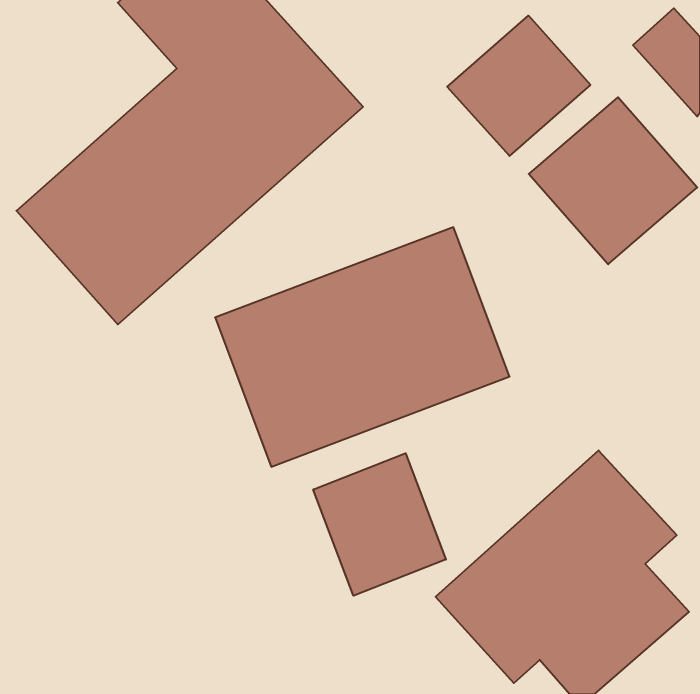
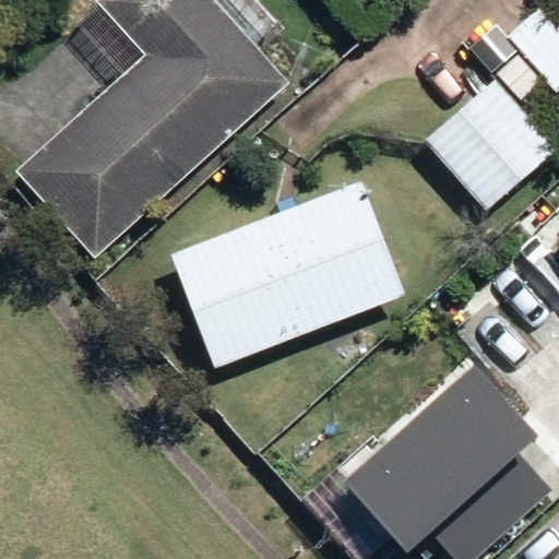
building: [447,16,590,156] -> none
building: [313,453,446,596] -> none

